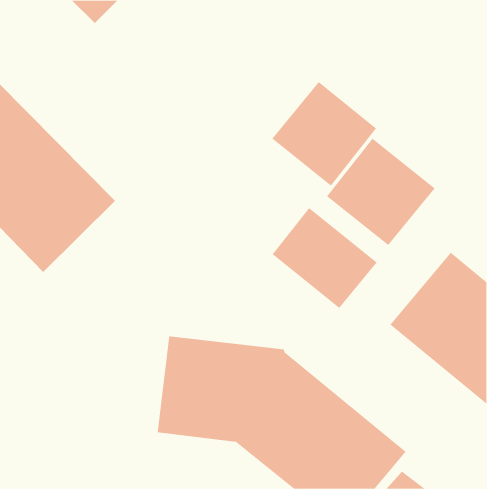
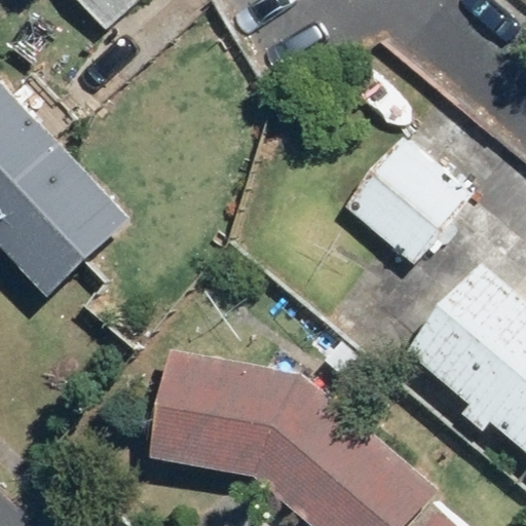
building: [272,81,377,186] -> none
building: [272,207,378,309] -> none

